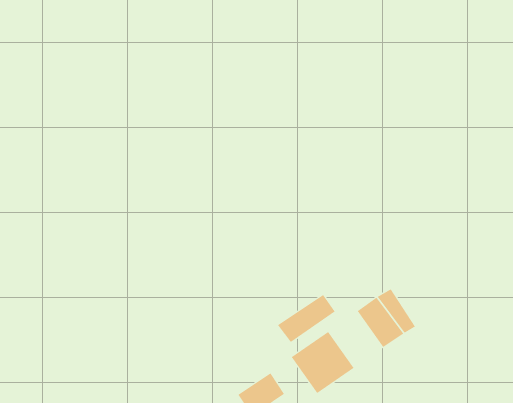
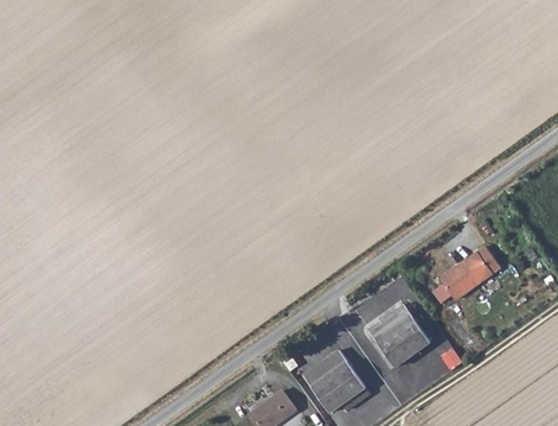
building: none -> [438,249,498,300]
building: [277,294,336,343] -> none

